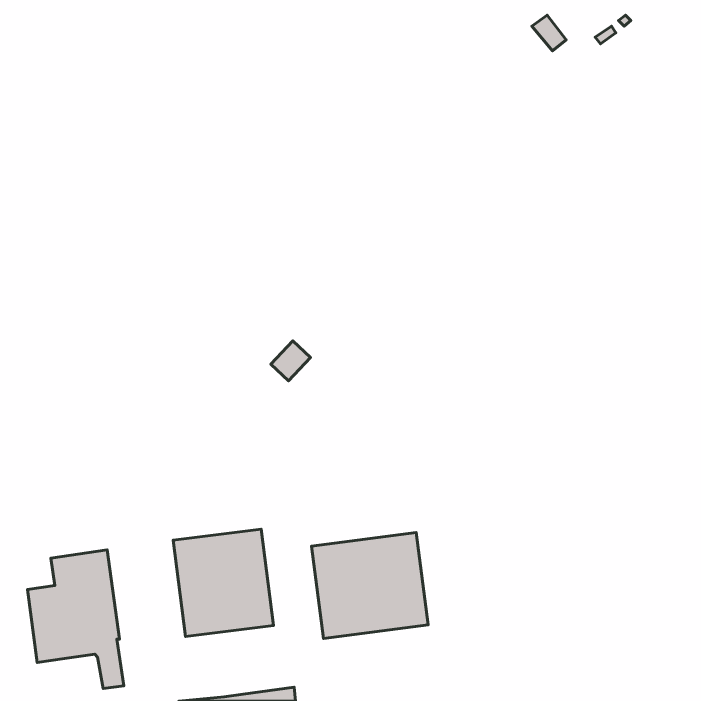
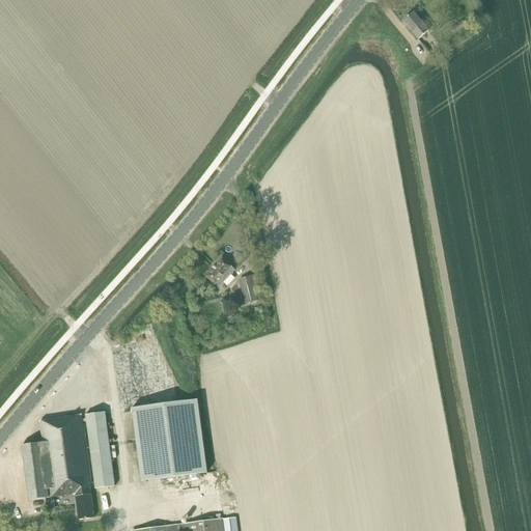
building: none -> [237,274,257,303]
building: [311,533,428,638] -> none
building: none -> [84,412,114,488]

